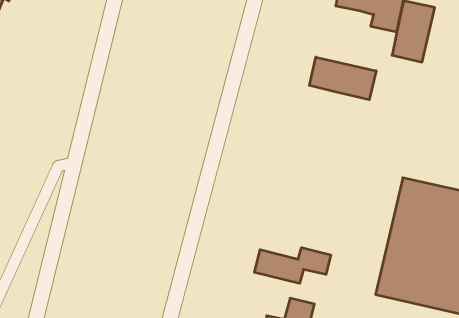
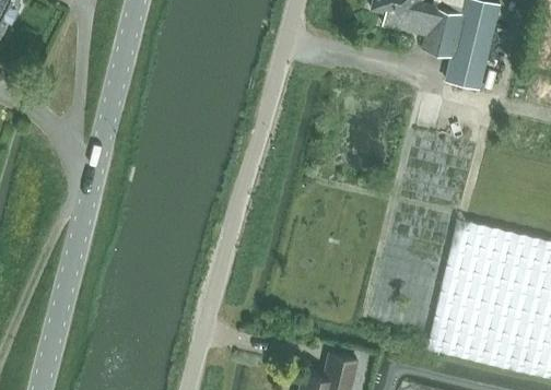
building: [309,57,376,100] -> none
building: [254,248,331,283] -> none

